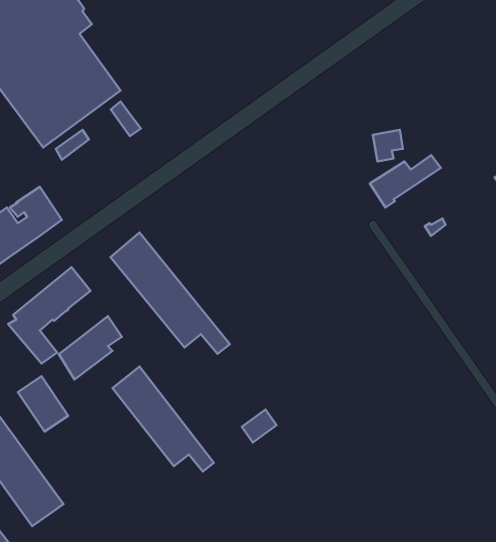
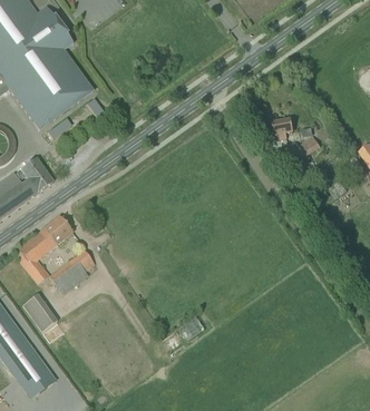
building: [111,233,230,354] -> none
building: [113,366,214,471] -> none

